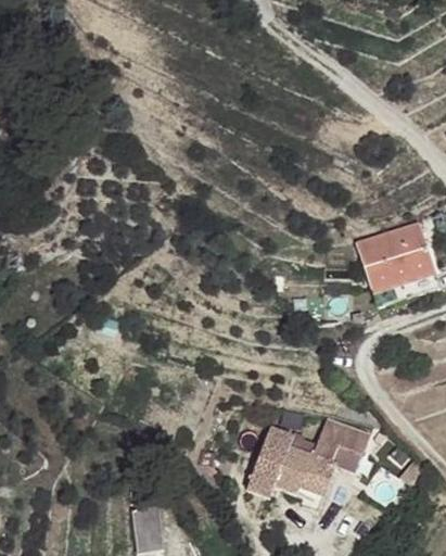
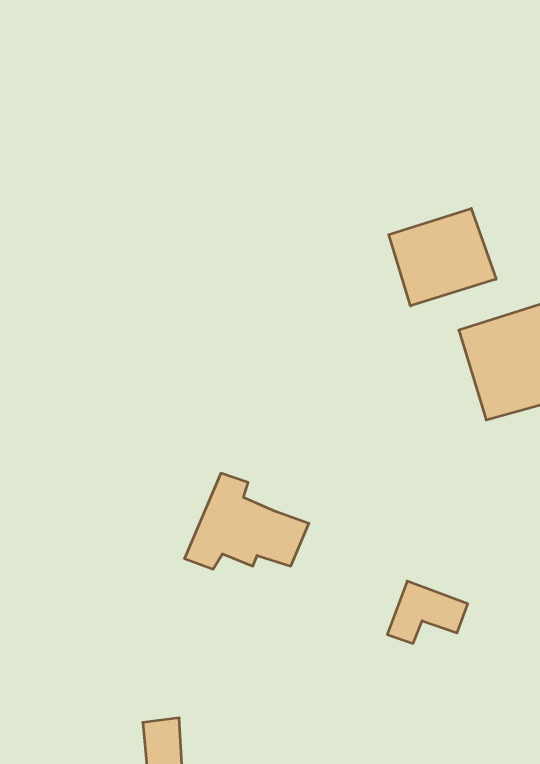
building: none -> [389,208,496,306]
building: [244,429,333,497] -> [184,473,309,569]

